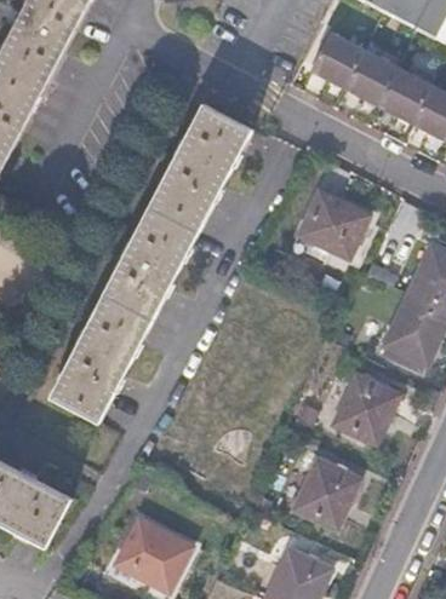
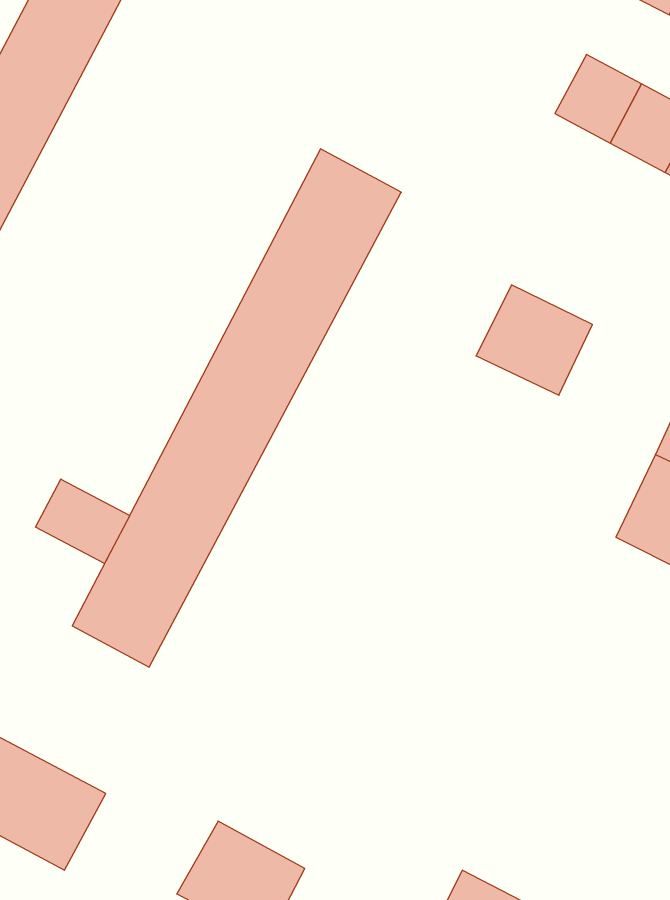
building: [311,29,365,83] -> none
building: none -> [36,479,130,564]
building: [332,374,400,445] -> none
building: [292,457,361,531] -> none

